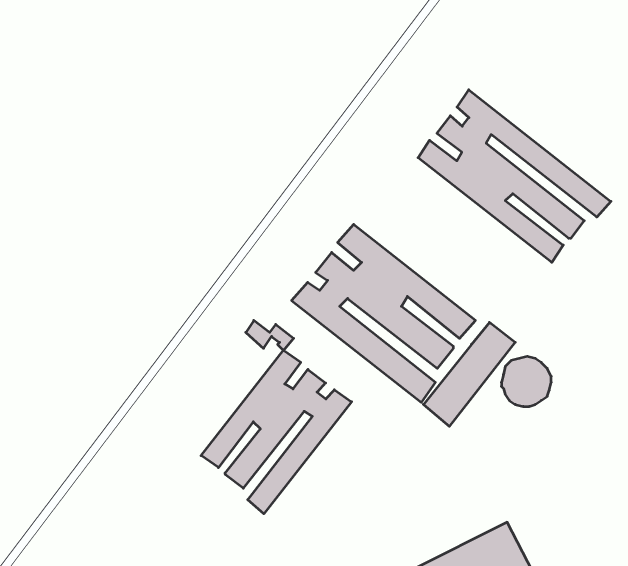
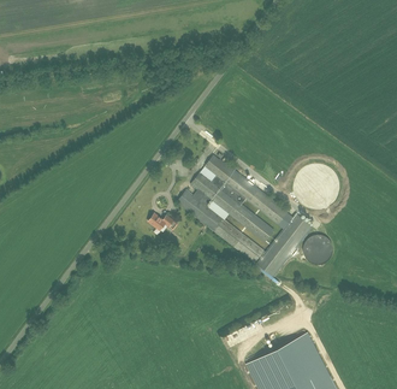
building: [418,90,611,262] -> none
building: [201,350,352,514] -> none

